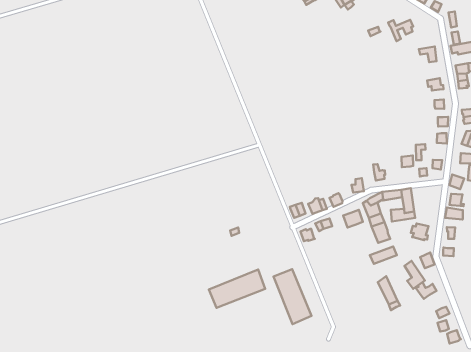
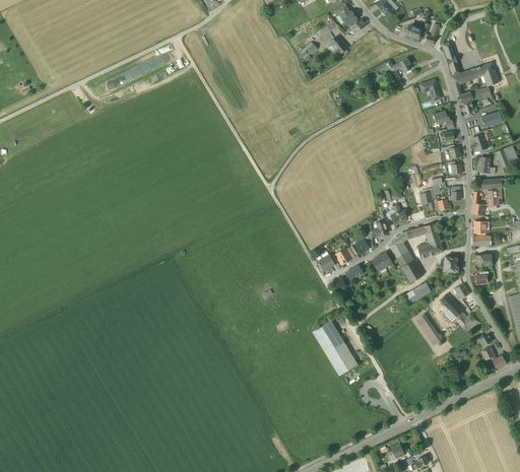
building: [209,270,265,308] -> none

